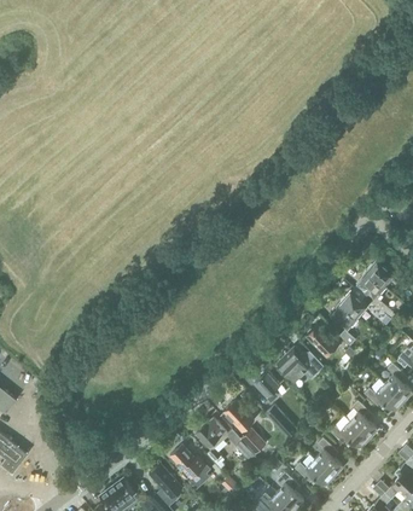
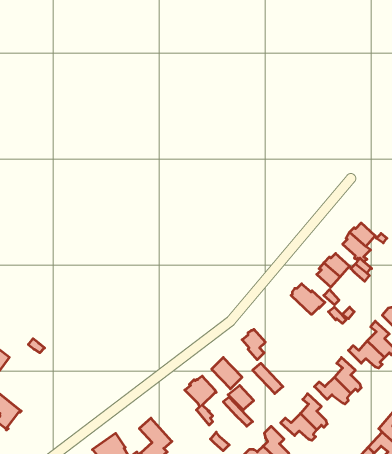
building: [277,347,319,381] -> none
building: [170,445,208,483] -> none

